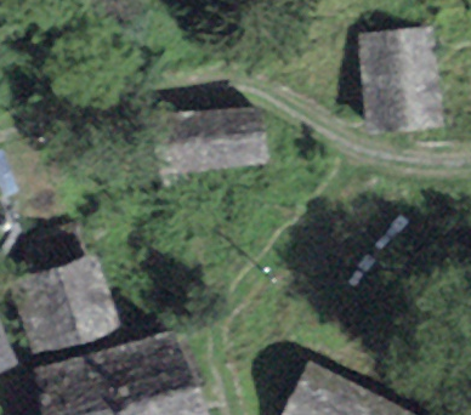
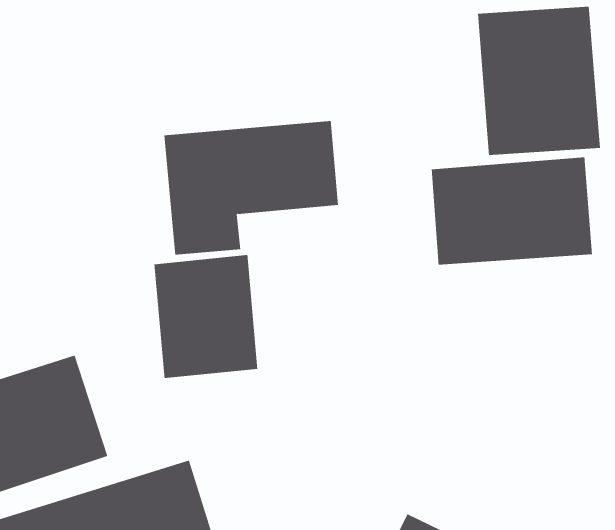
building: none -> [431,157,593,266]
building: none -> [154,254,258,379]

